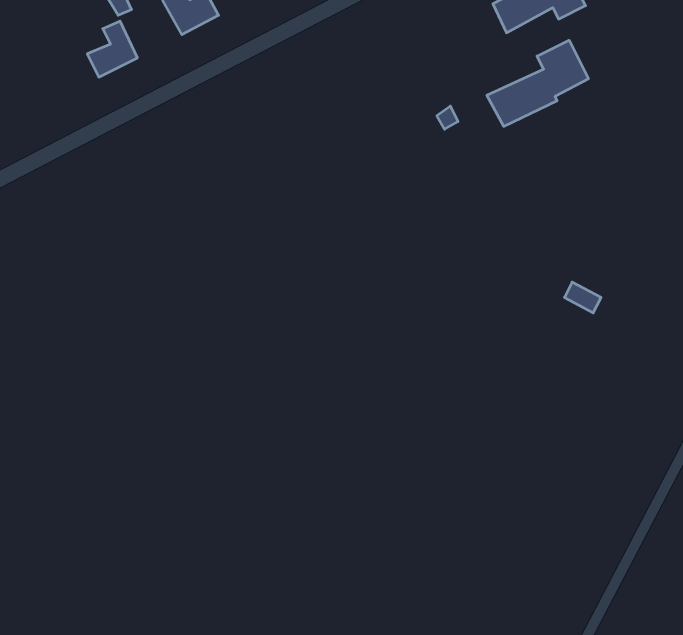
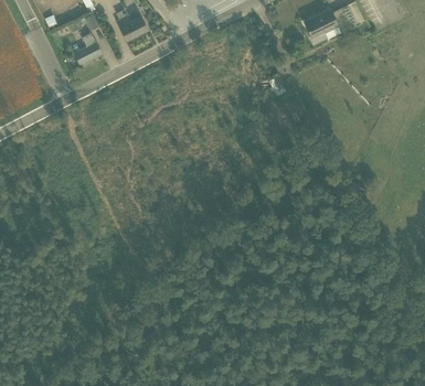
building: [487,40,588,126] -> none

